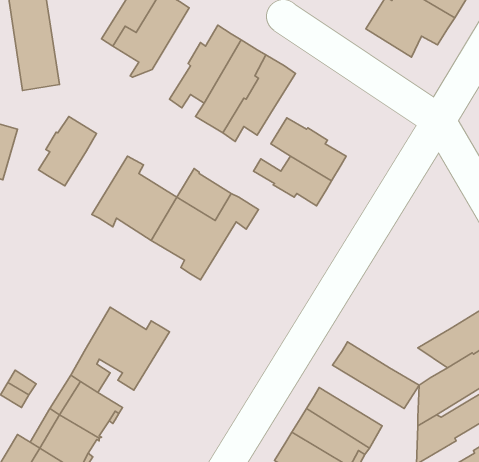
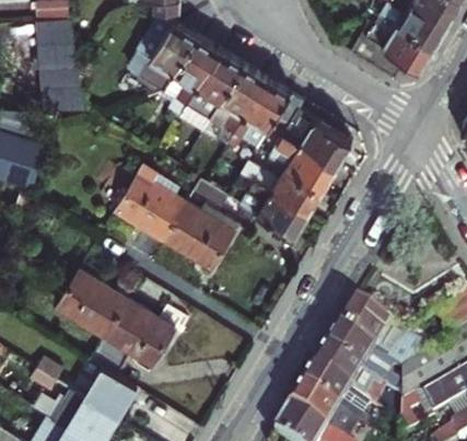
building: none -> [165,34,223,115]
building: none -> [272,92,352,165]
building: [39,117,97,186] -> none
building: none -> [242,178,311,234]
building: none -> [54,263,128,336]
building: none -> [338,305,427,368]
building: none -> [313,350,383,405]

